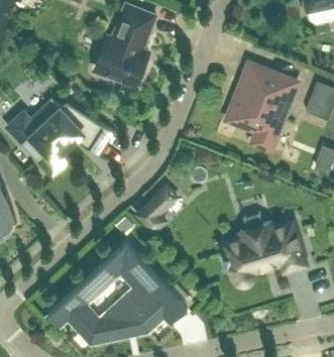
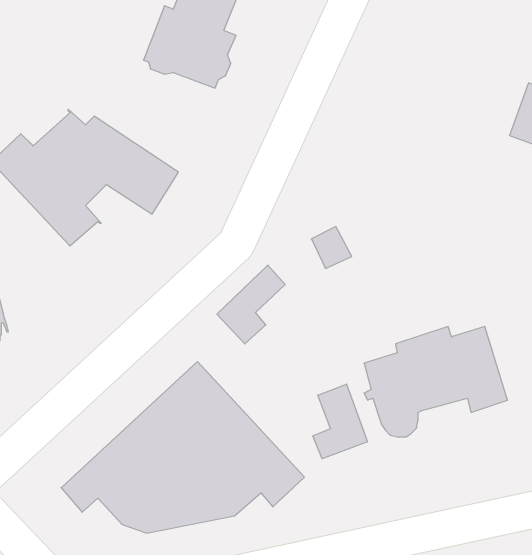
building: [227,64,298,150] -> none
building: none -> [313,384,367,459]

